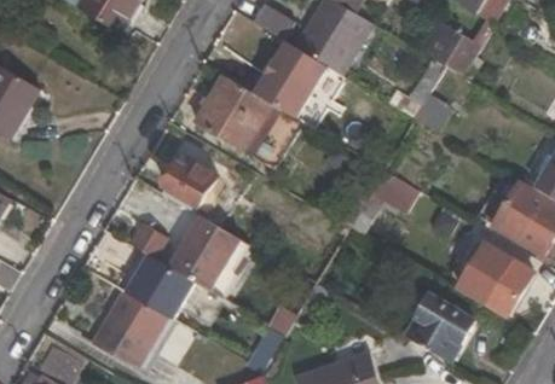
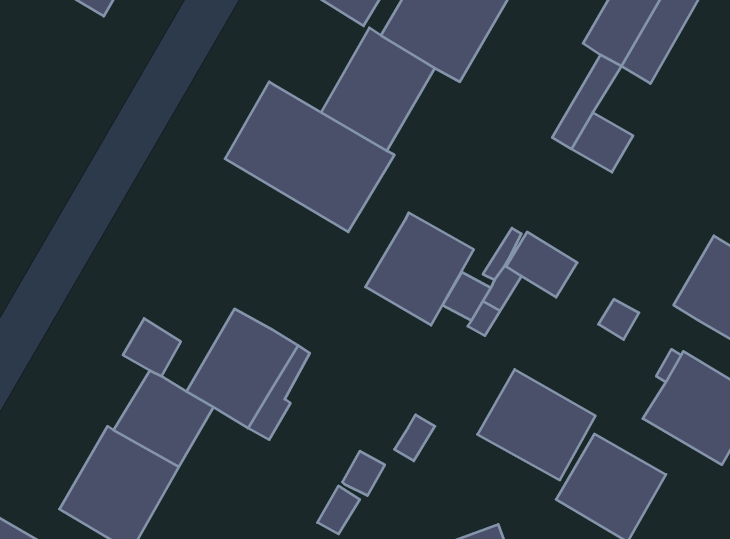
building: [152,147,220,209] -> none
building: none -> [365,213,474,325]
building: none -> [477,369,595,480]

